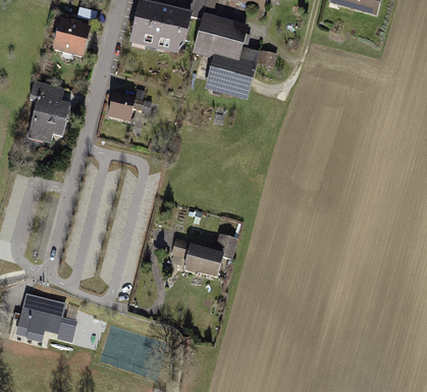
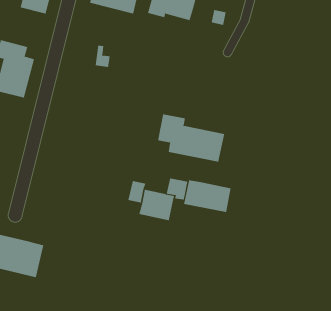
building: [204,47,260,98] -> none
building: [108,90,136,120] -> none
building: none -> [157,113,225,162]
building: none -> [184,179,231,213]

